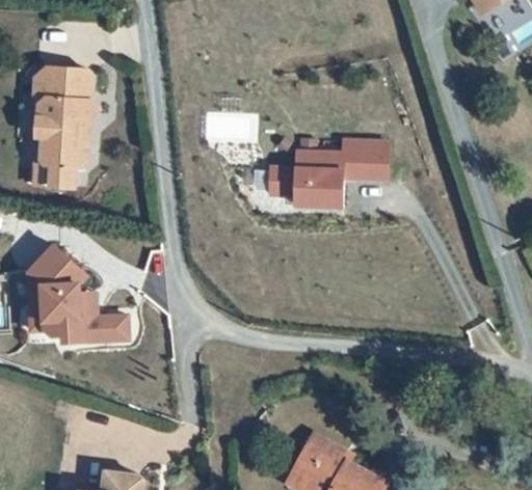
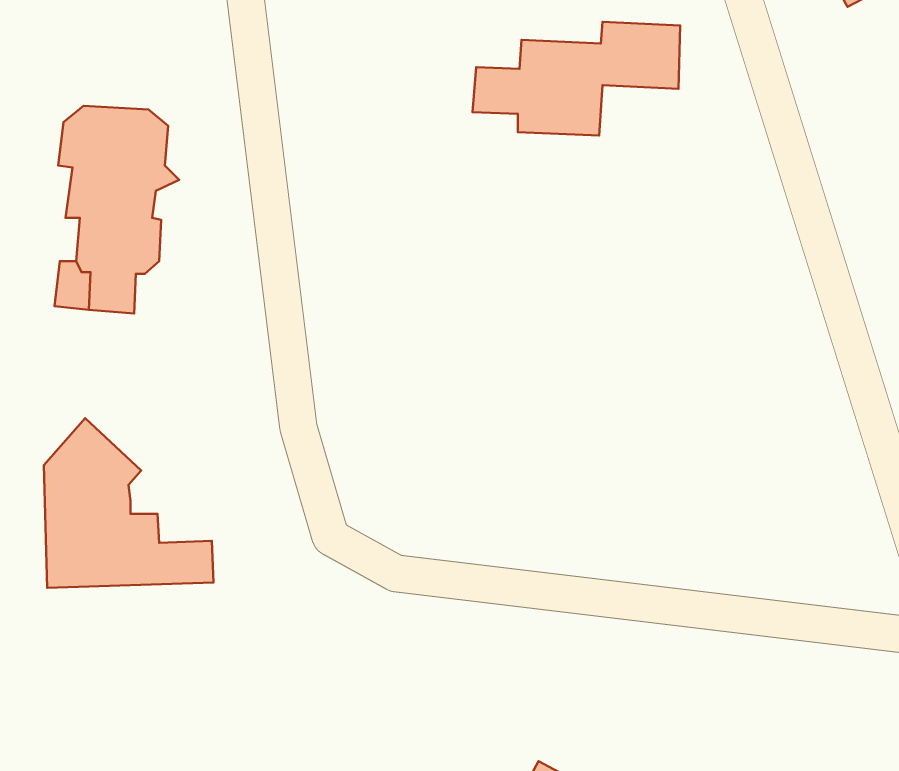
building: [267,141,387,207] -> [473,22,680,136]

